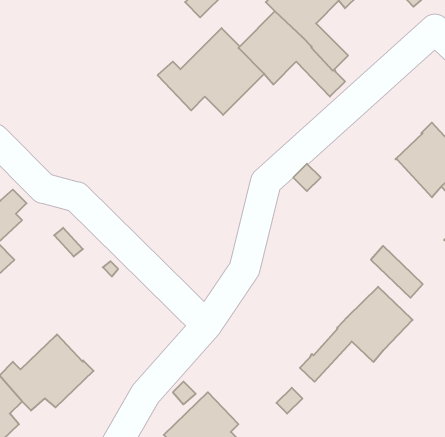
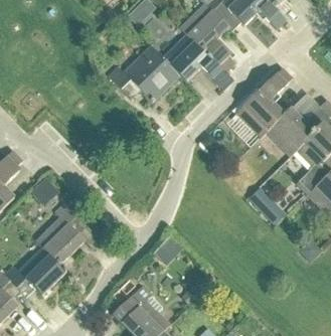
building: none -> [235,67,292,138]
building: none -> [35,202,87,265]
building: [300,287,413,382] -> none

